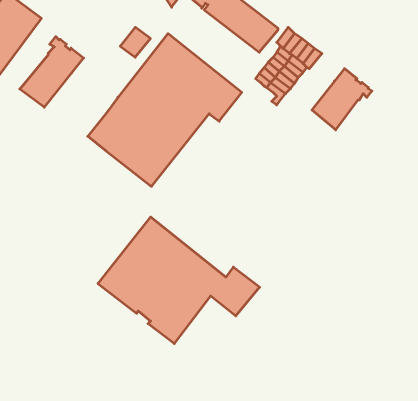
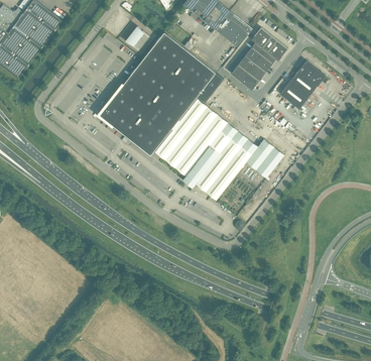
building: [20,37,84,107] -> none
building: [98,217,260,344] -> [154,99,284,201]

